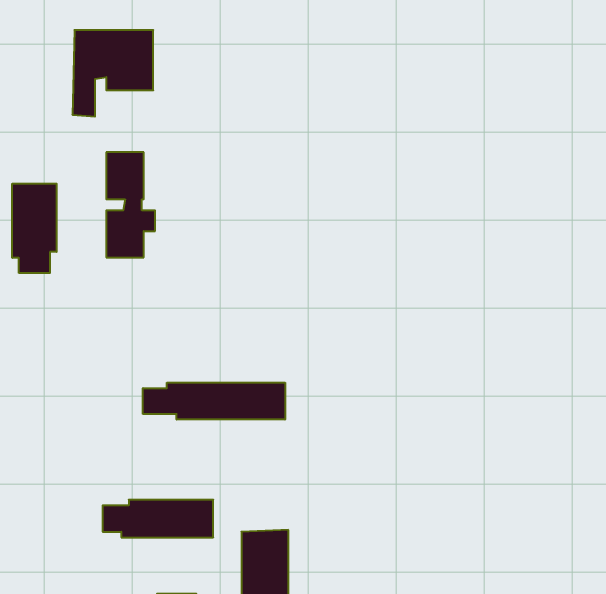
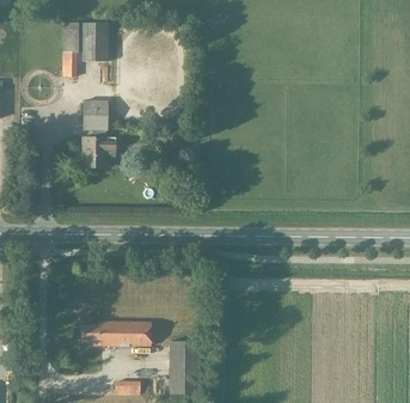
building: [12,184,57,273] -> none
building: [143,383,285,420] -> none

